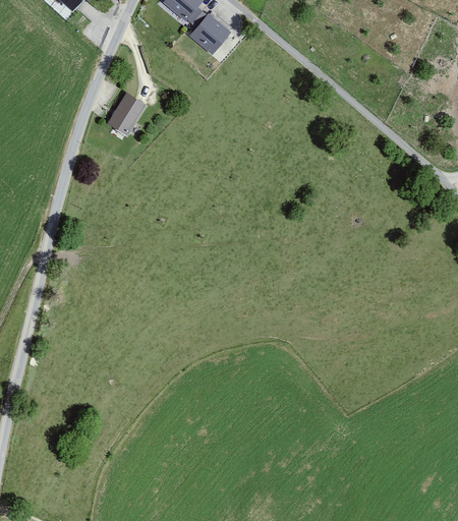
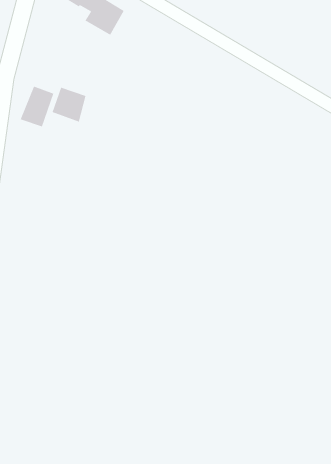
building: none -> [52,87,86,122]

